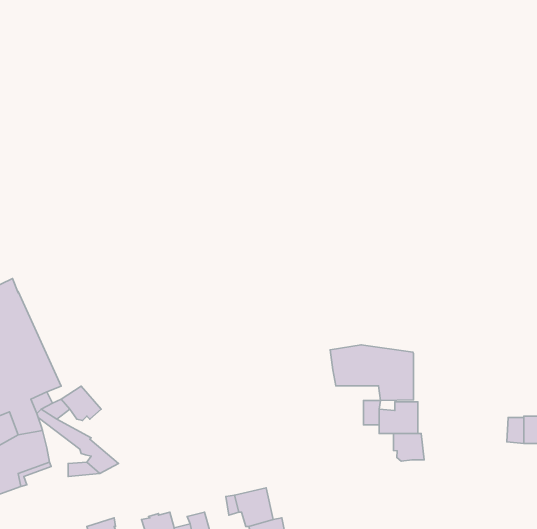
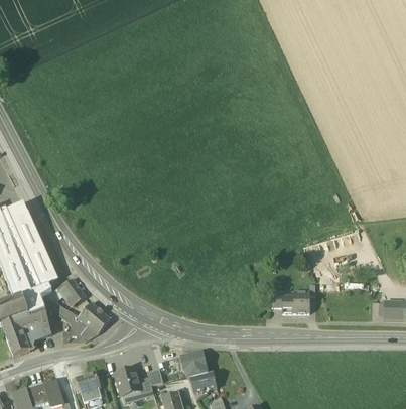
building: [330,345,414,400] -> none
building: none -> [78,301,110,332]
building: [393,433,424,461] -> none

